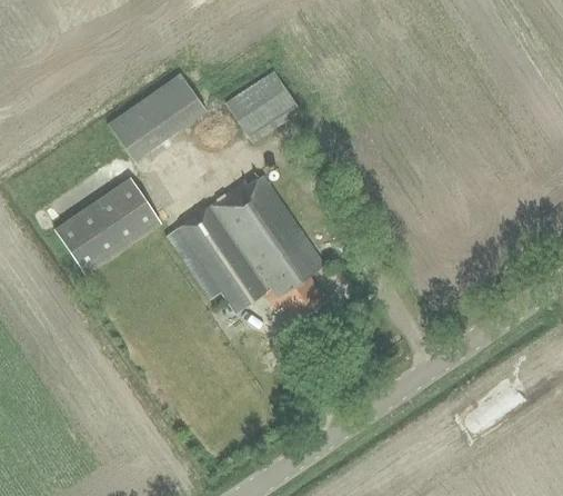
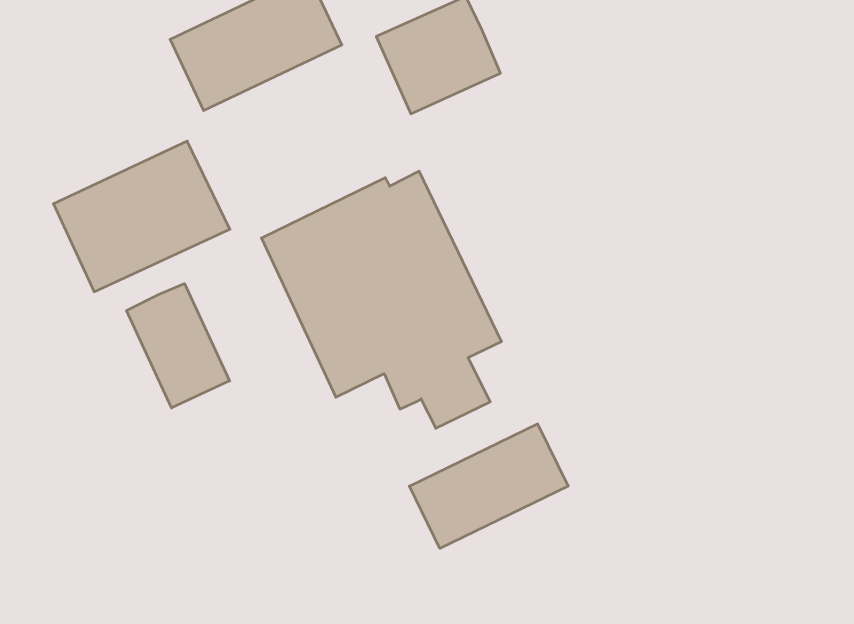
building: none -> [127,284,230,408]
building: none -> [409,424,568,548]

